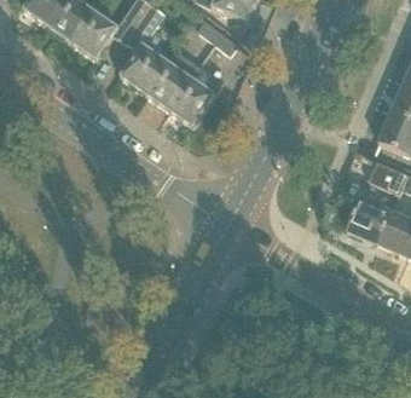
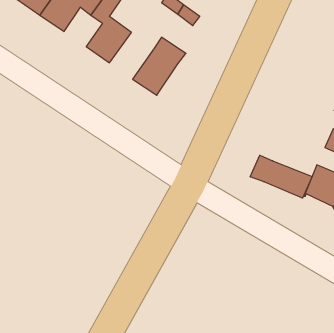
building: [144,48,198,109] -> none
building: none -> [250,155,312,198]

